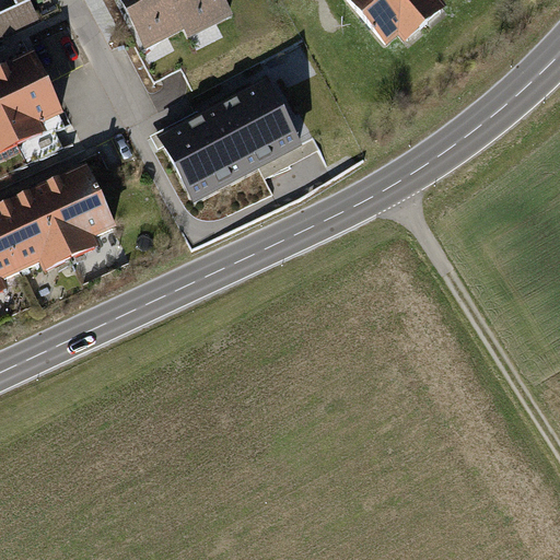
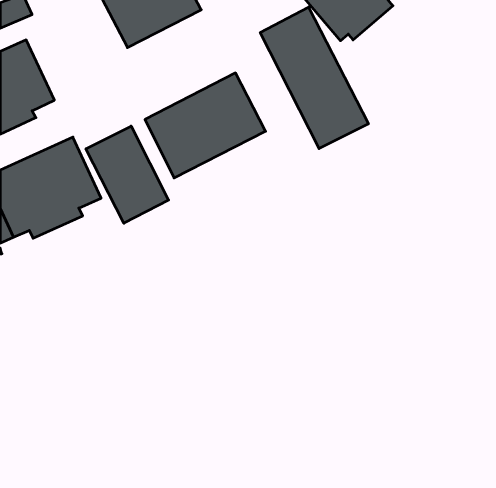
building: none -> [260,7,368,149]
building: none -> [86,126,169,223]

